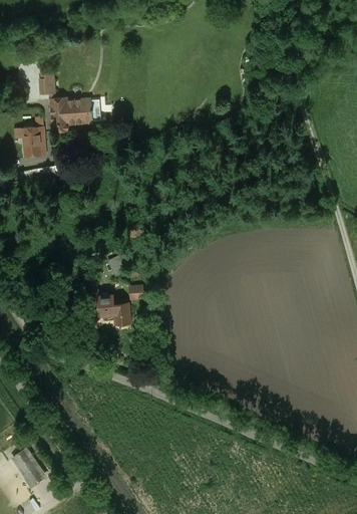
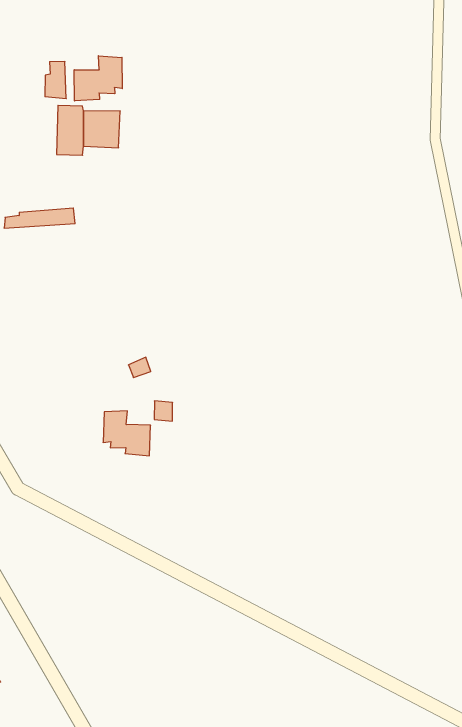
building: none -> [74,56,122,101]
building: [23,118,44,156] -> none

